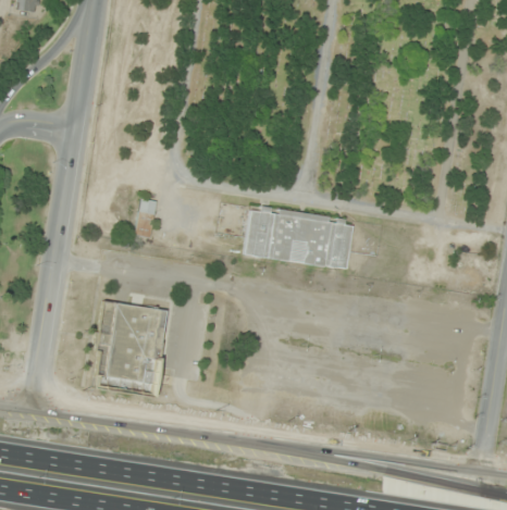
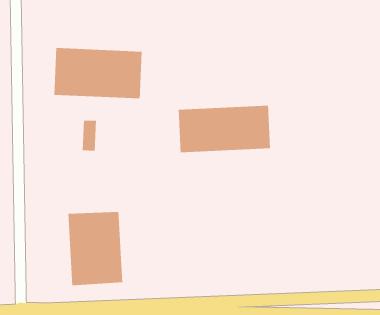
building: none -> [54,47,143,99]

